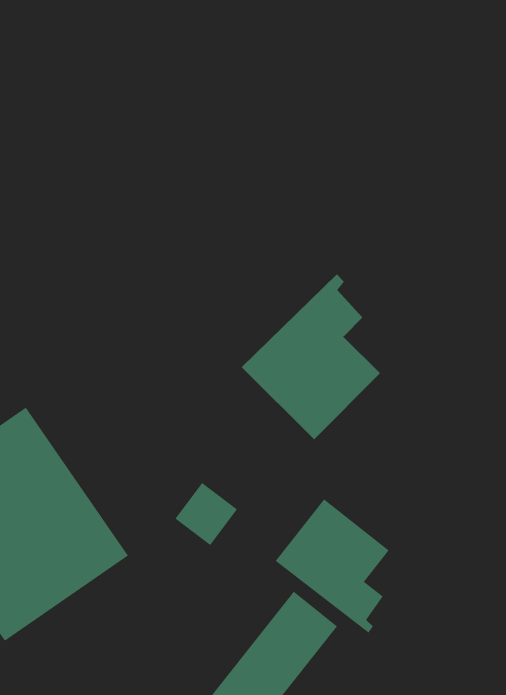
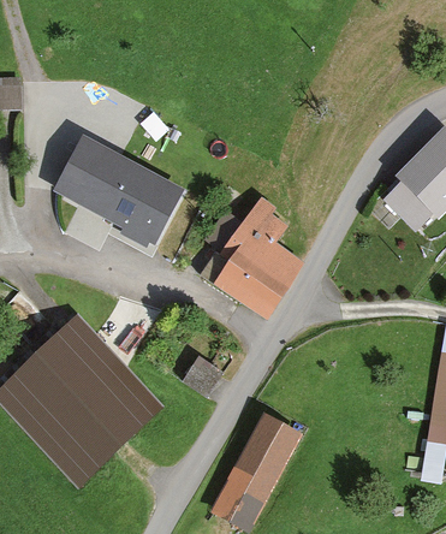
building: none -> [57,136,174,231]
building: [275,499,389,633] -> none

